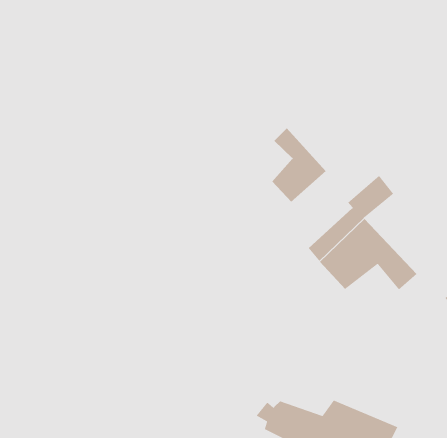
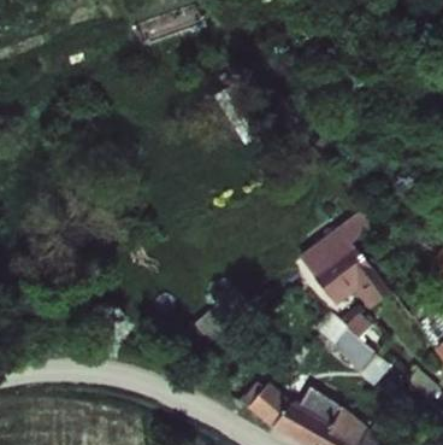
building: [271,128,326,203] -> none
building: none -> [313,312,388,373]

